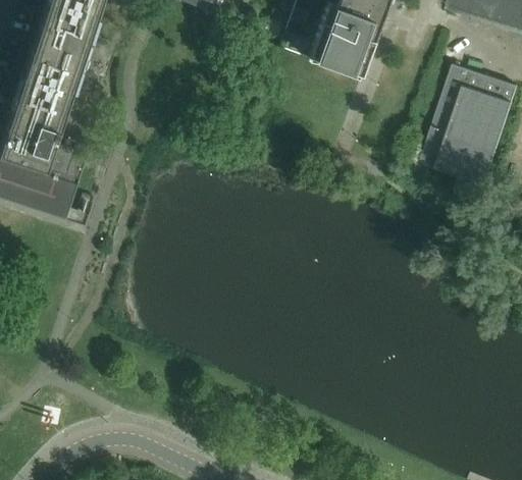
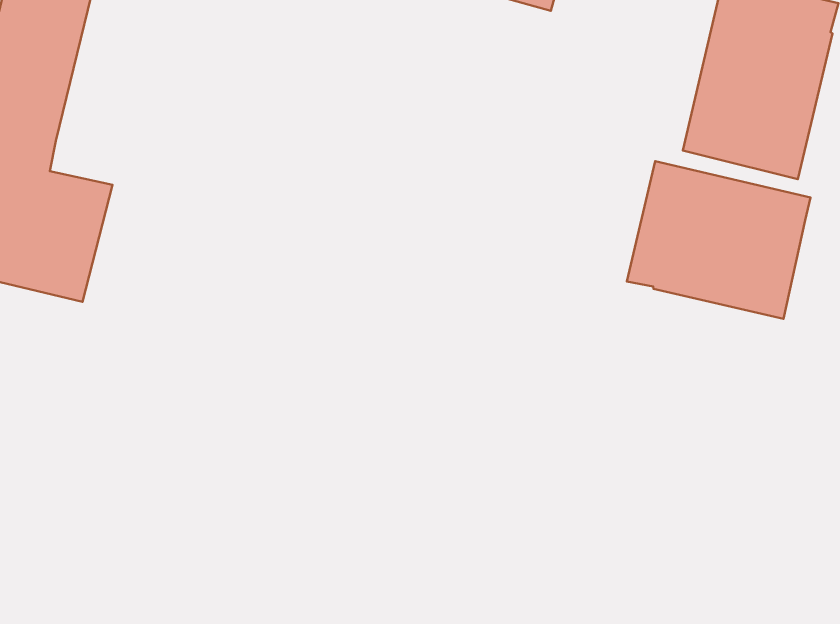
building: none -> [627,161,811,319]

